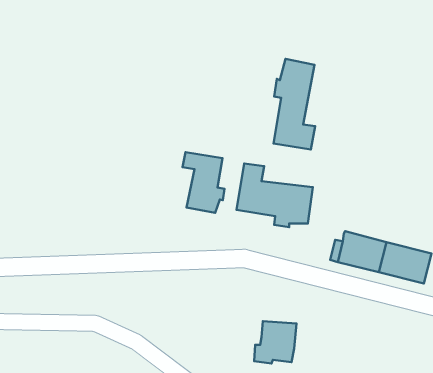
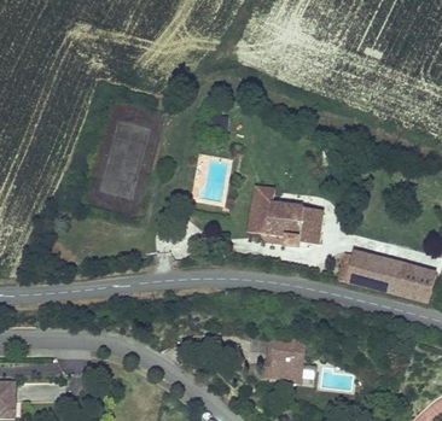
building: [274,59,315,150] -> none
building: [183,152,224,213] -> none

